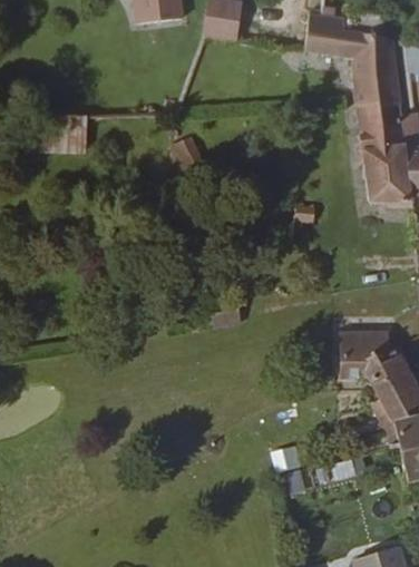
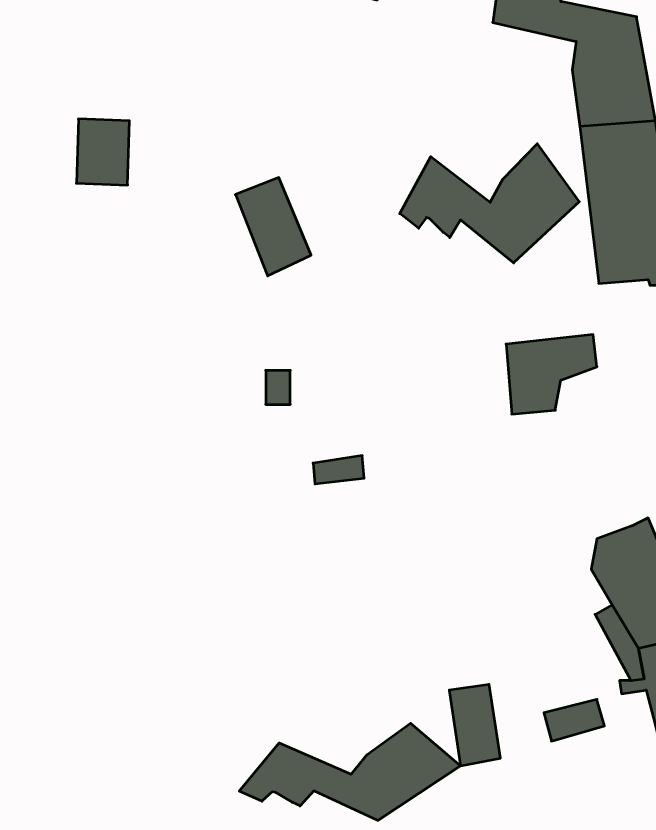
building: none -> [400,144,579,263]
building: [335,329,389,375] -> [506,335,597,414]
building: none -> [239,723,461,820]

